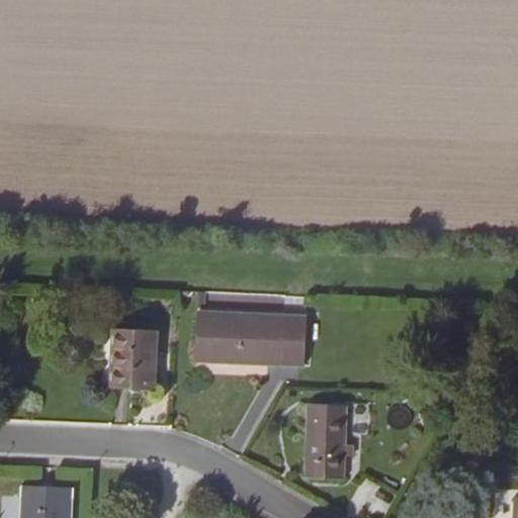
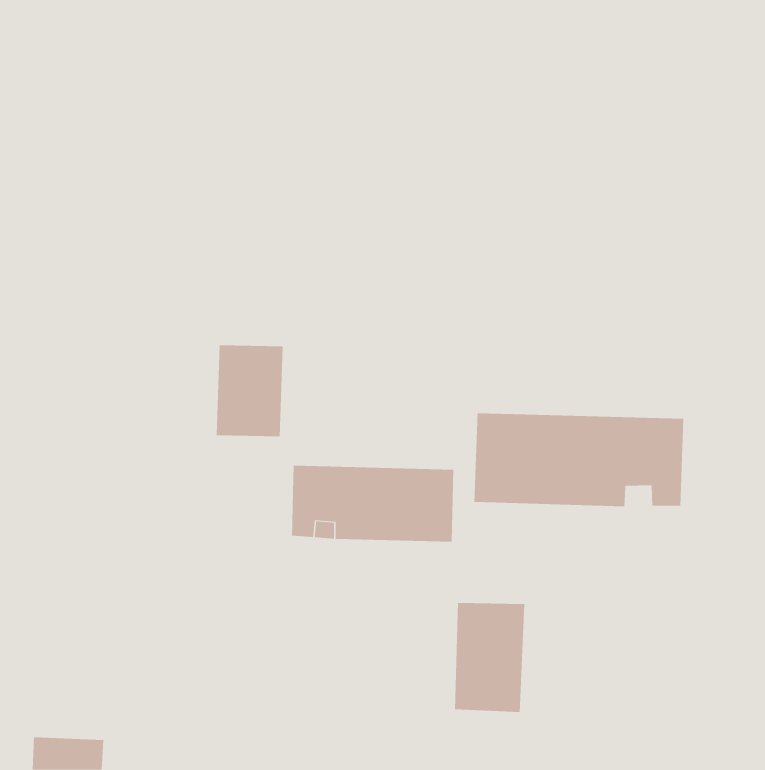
building: none -> [474,412,684,507]
building: [110,328,156,390] -> [216,345,284,437]

